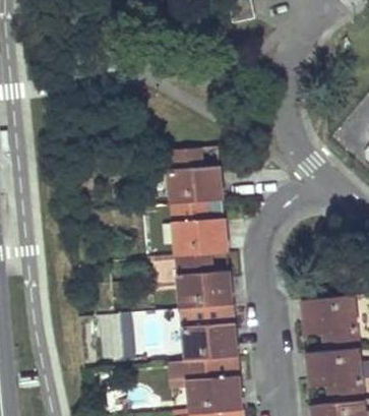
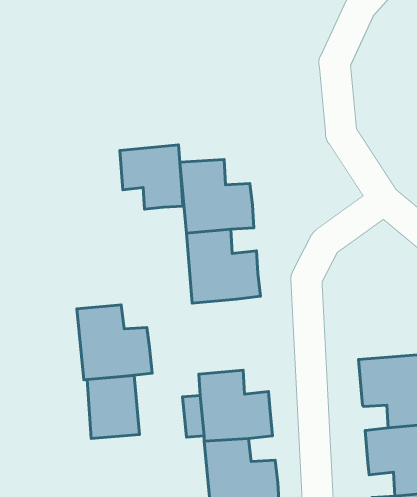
building: none -> [120,145,183,209]
building: [177,254,234,311] -> [77,305,152,380]

